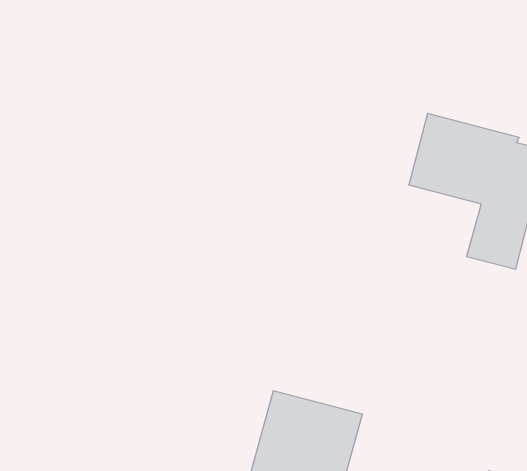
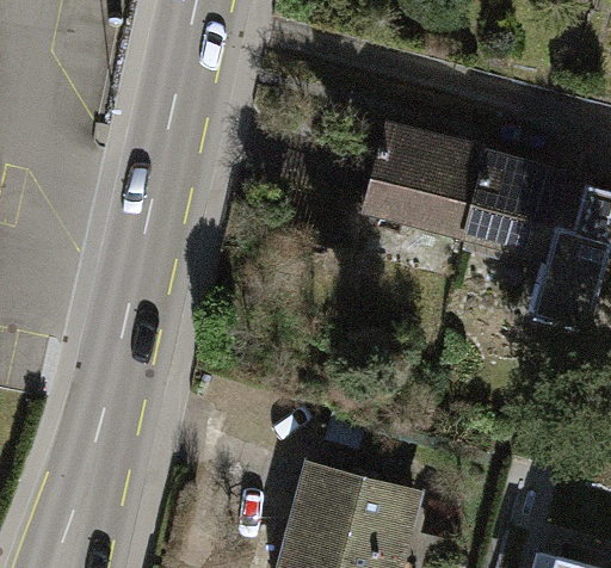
building: none -> [368,125,489,233]

